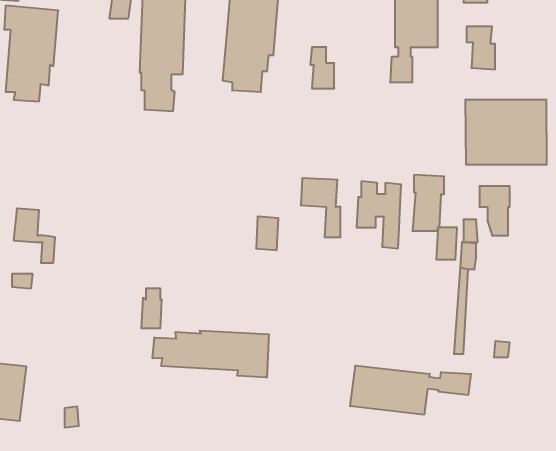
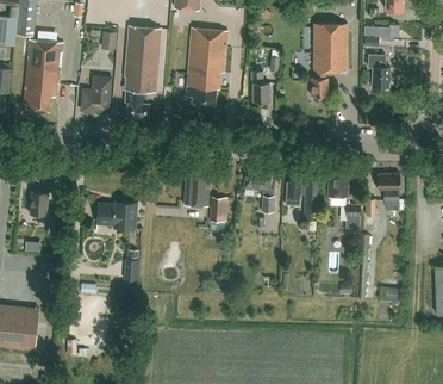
building: none -> [81,75,111,113]
building: [466,99,547,165] -> none
building: none -> [185,168,211,208]
building: none -> [96,202,138,229]
building: [153,331,269,378] -> none
building: [350,365,471,415] -> none

